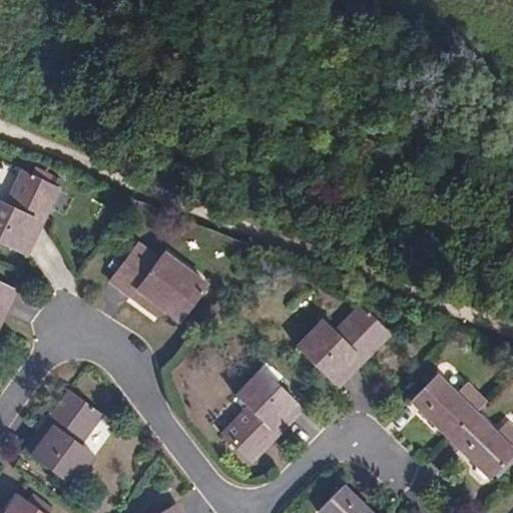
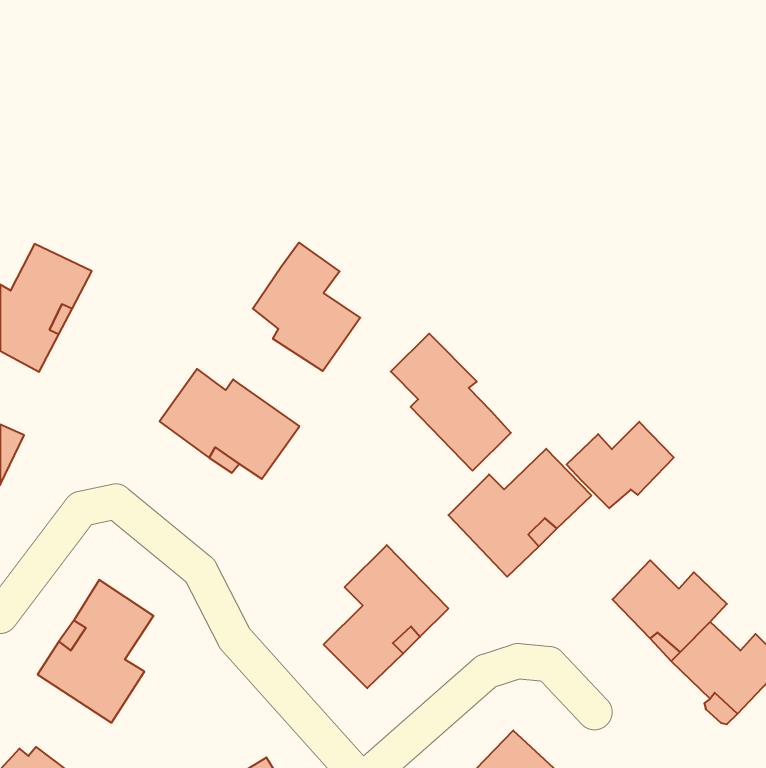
building: none -> [253,243,360,371]
building: none -> [391,334,511,471]
building: none -> [567,422,674,508]

